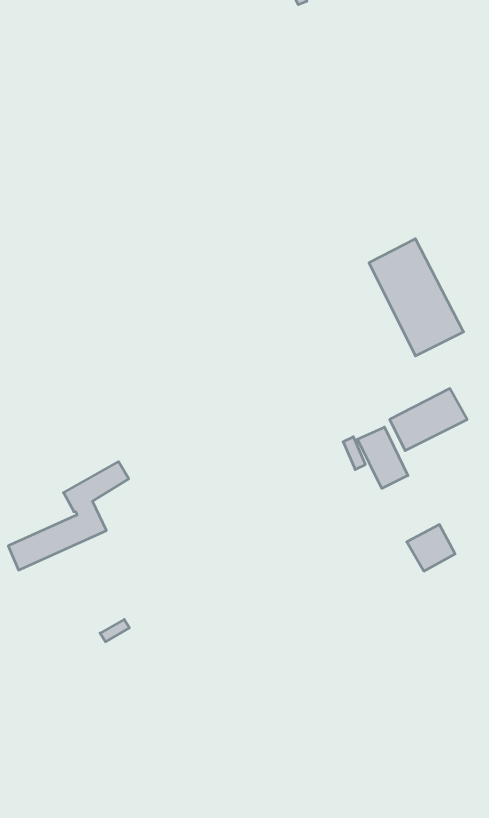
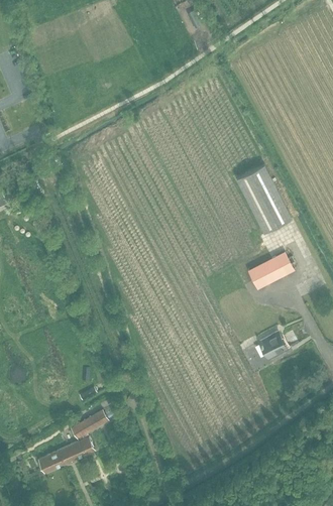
building: [357,427,408,488] -> none
building: [8,462,129,570] -> [37,409,108,473]

